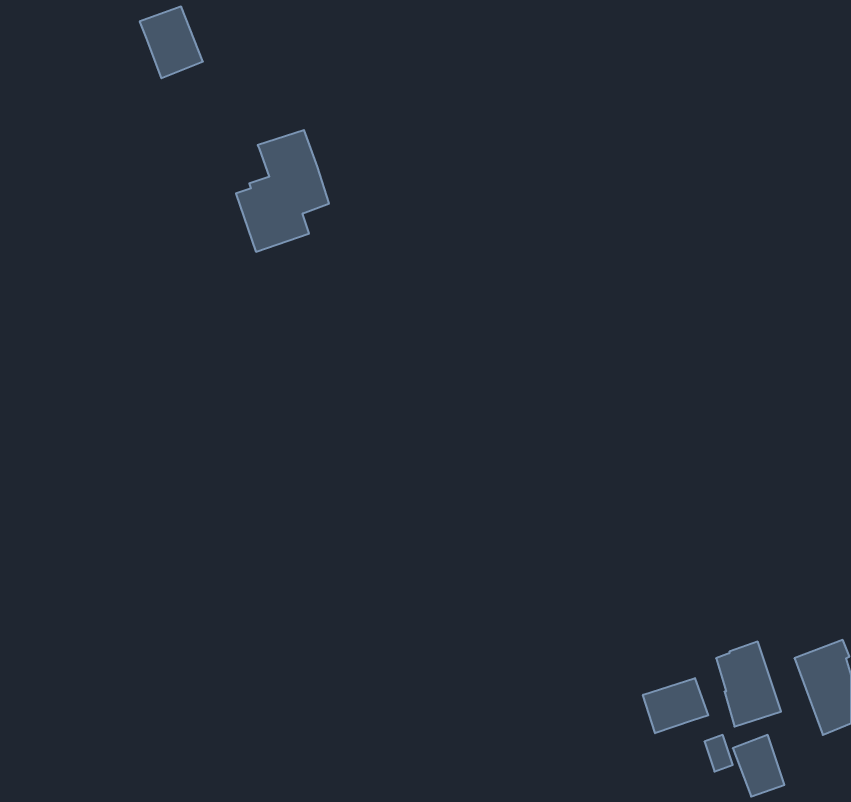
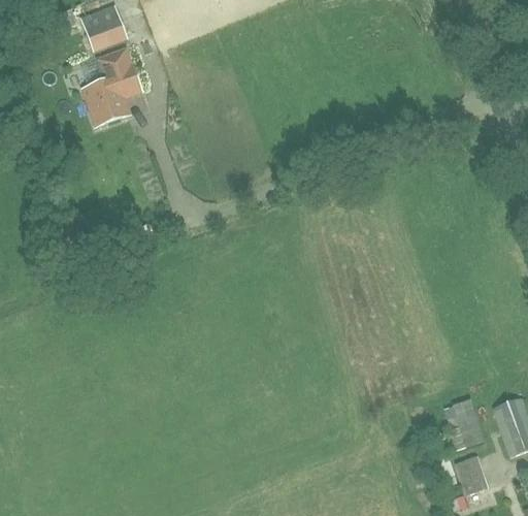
building: [236,130,329,252] -> [82,50,140,125]
building: [643,678,708,733] -> none

